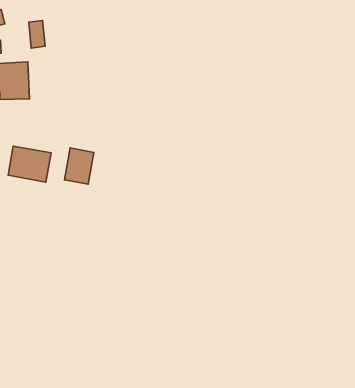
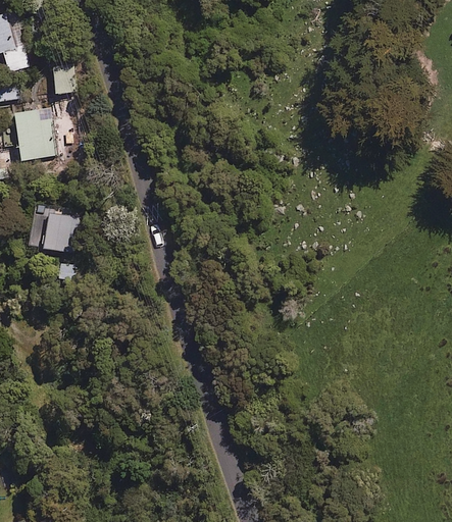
building: [64,148,94,184] -> none

